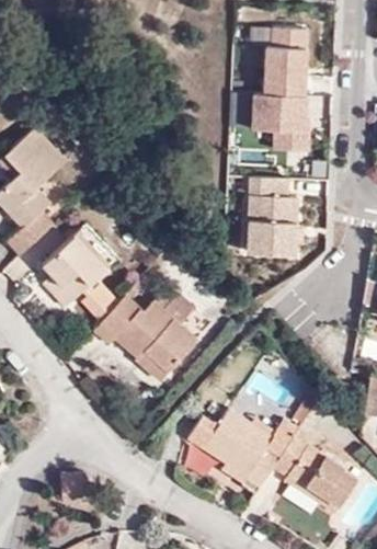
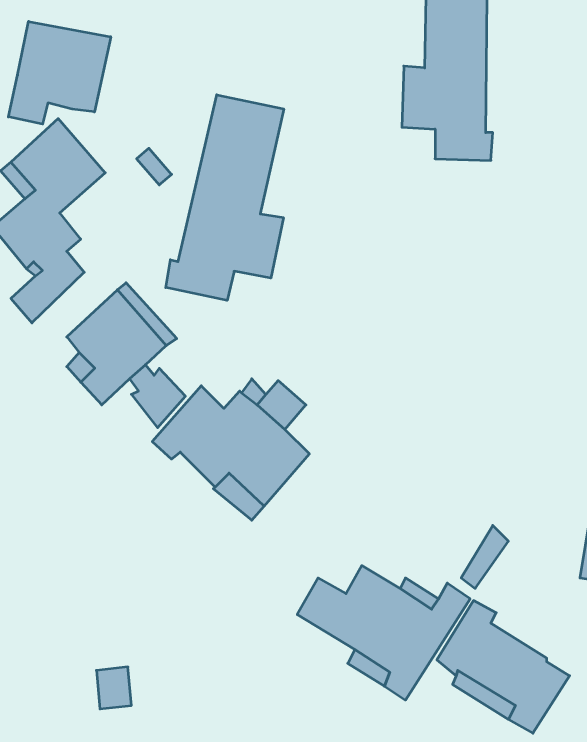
building: none -> [8,21,111,124]
building: none -> [166,95,284,300]
building: [248,179,301,258] -> none

